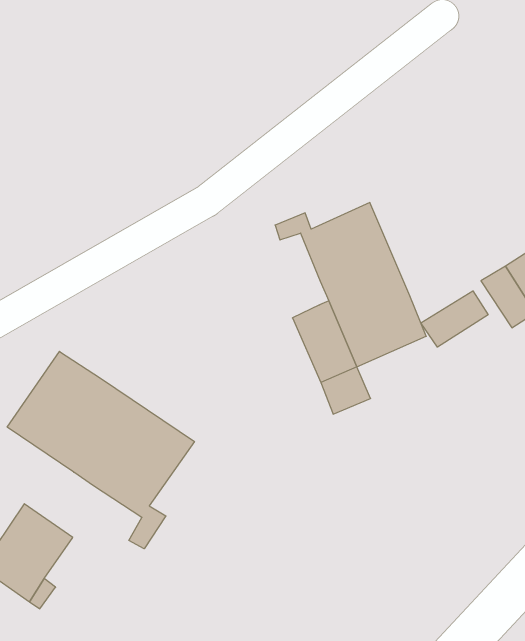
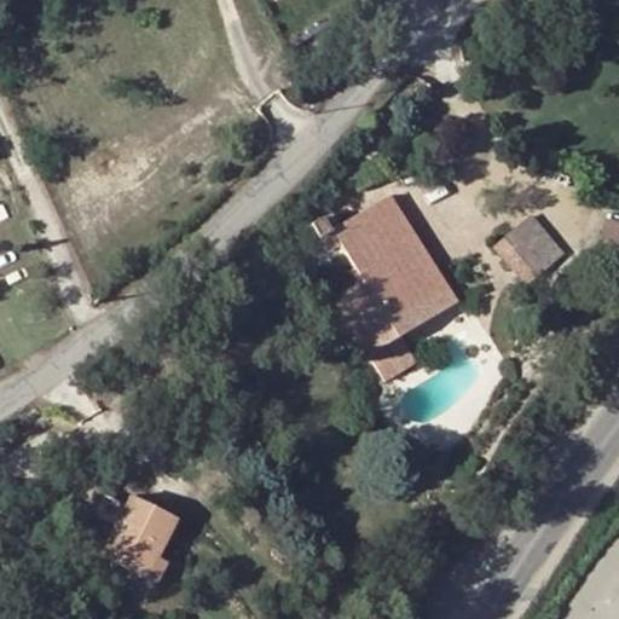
building: [421,291,488,347] -> none
building: [7,351,194,549] -> none

